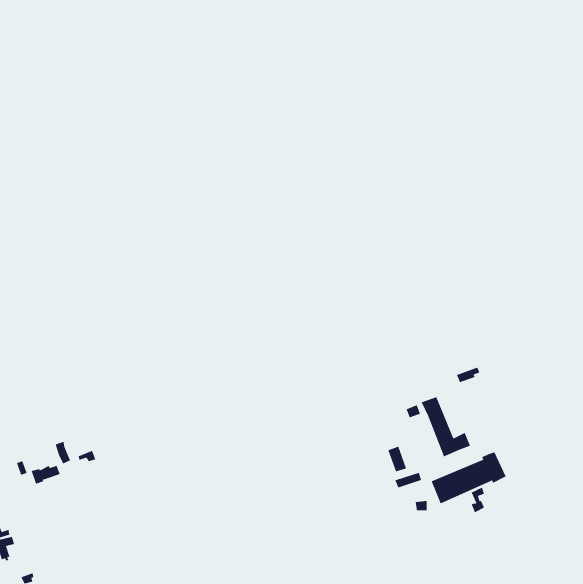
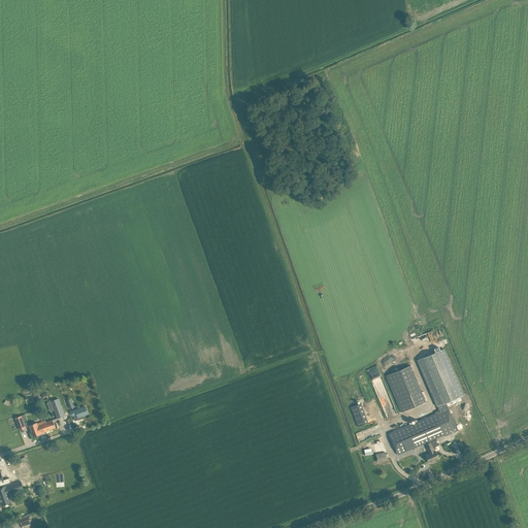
building: none -> [416,349,463,410]

